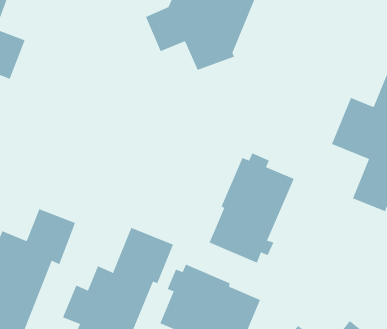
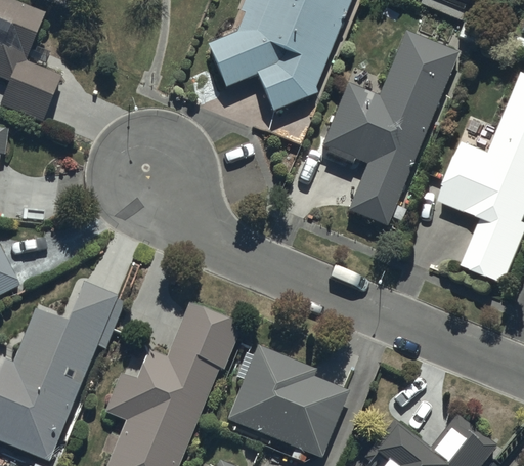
building: none -> [323,30,458,224]
building: [209,153,294,263] -> none

